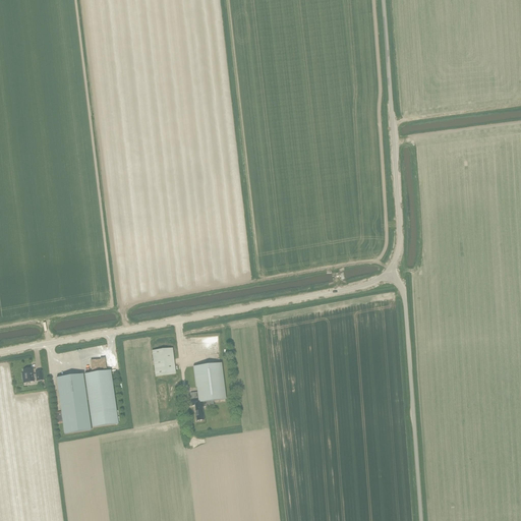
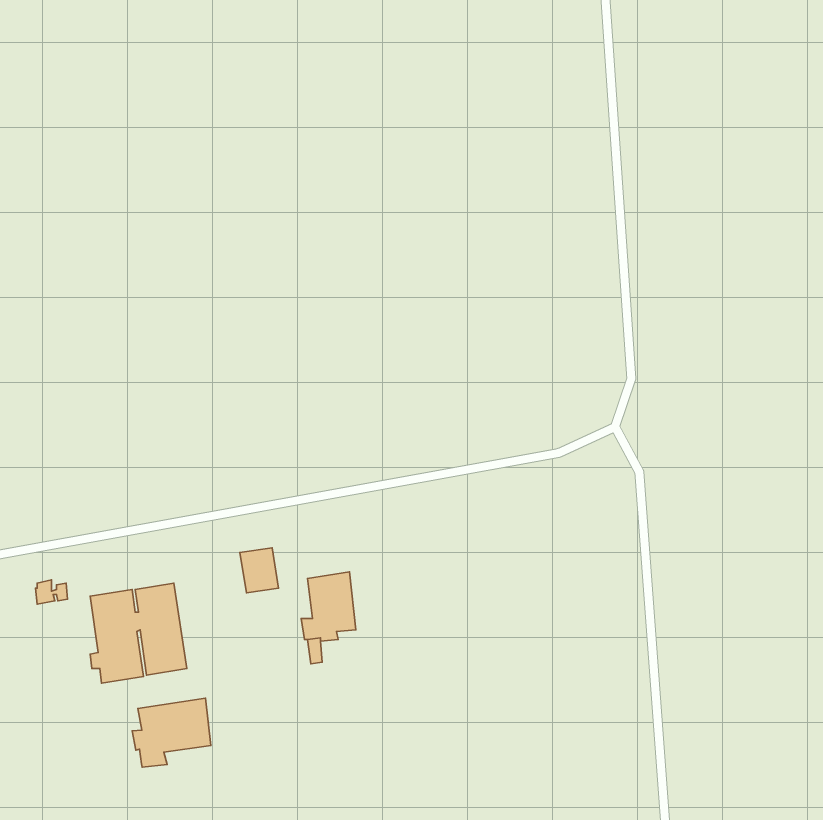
building: none -> [132,698,211,767]

